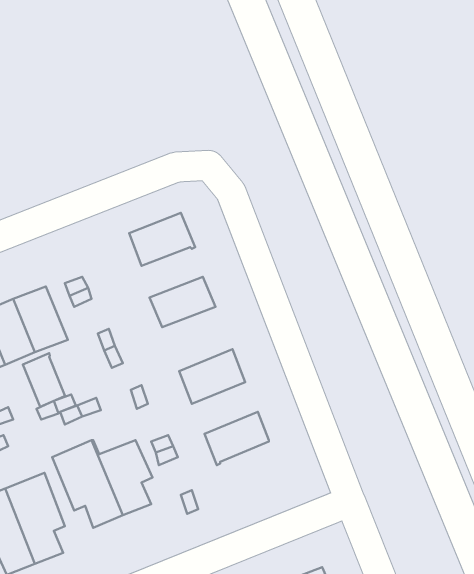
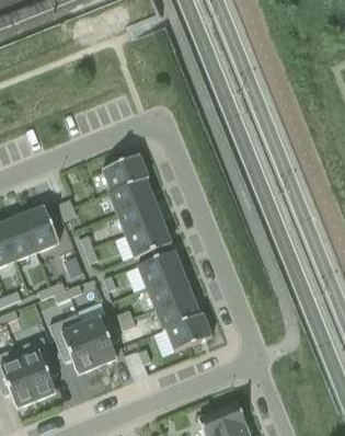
building: none -> [107,179,153,214]
building: none -> [125,220,171,257]
building: [23,353,65,407] -> none
building: none -> [146,273,192,309]
building: none -> [165,312,211,352]

